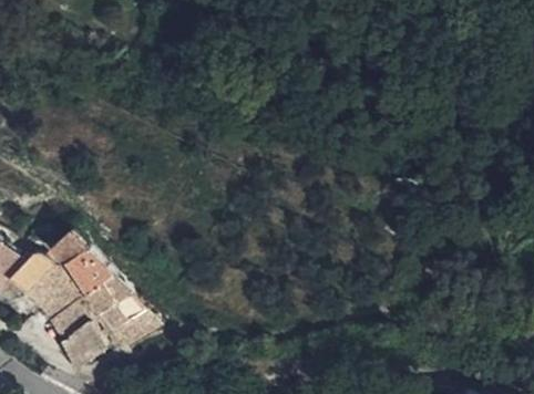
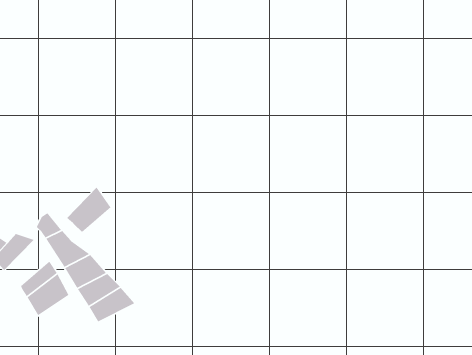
building: [22,255,70,303] -> [66,187,111,233]
building: [58,313,104,363] -> none

